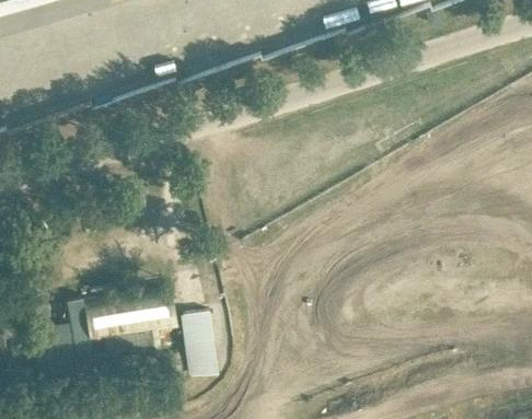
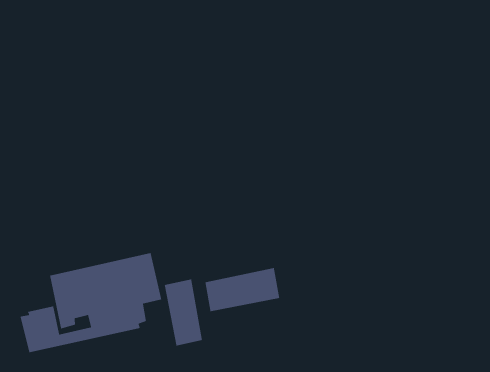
building: none -> [204,267,280,312]

